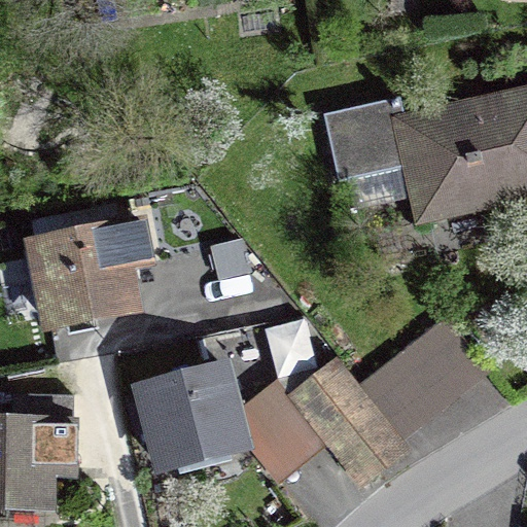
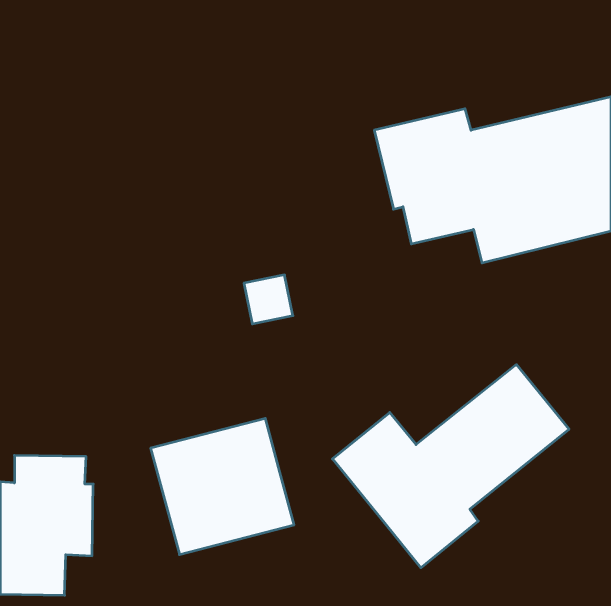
building: [22,214,157,336] -> none
building: [241,378,327,484] -> none

